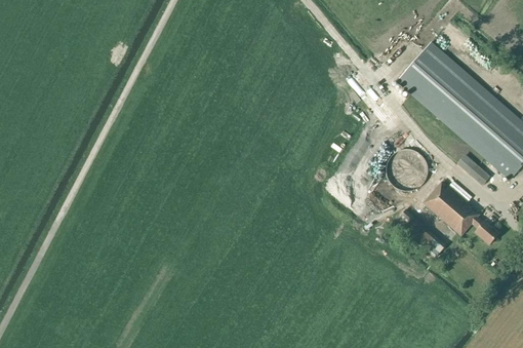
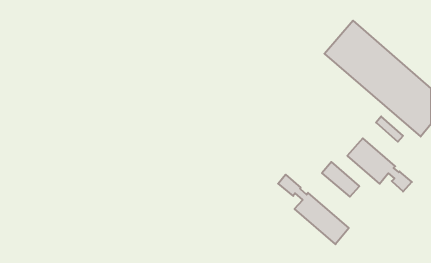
building: [386,148,428,191] -> none
building: none -> [278,175,349,244]

